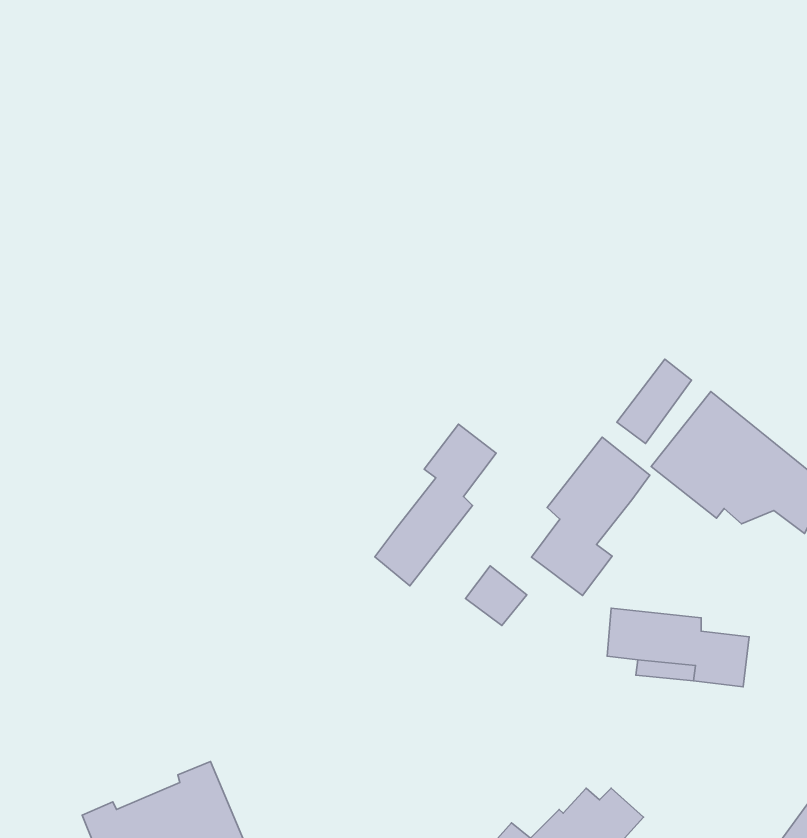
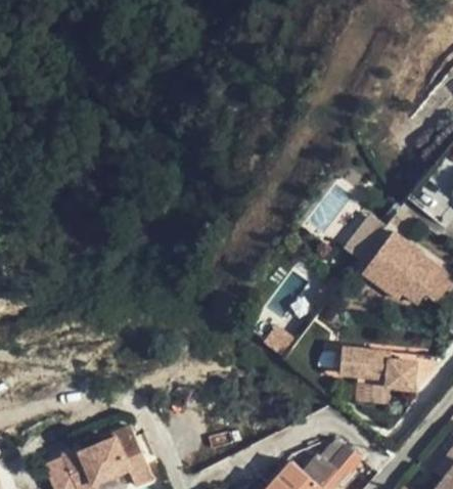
building: [375,424,496,586] -> none
building: [531,437,650,596] -> none

